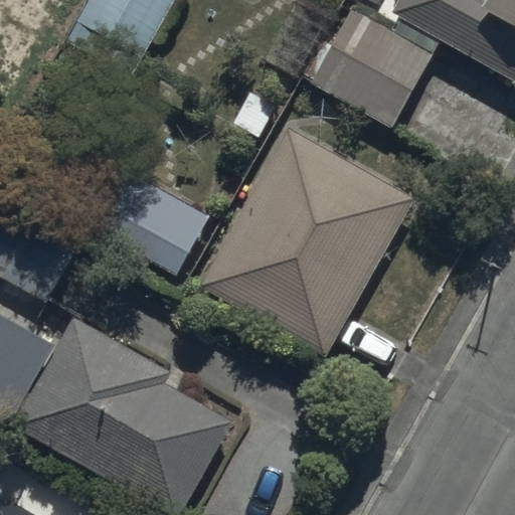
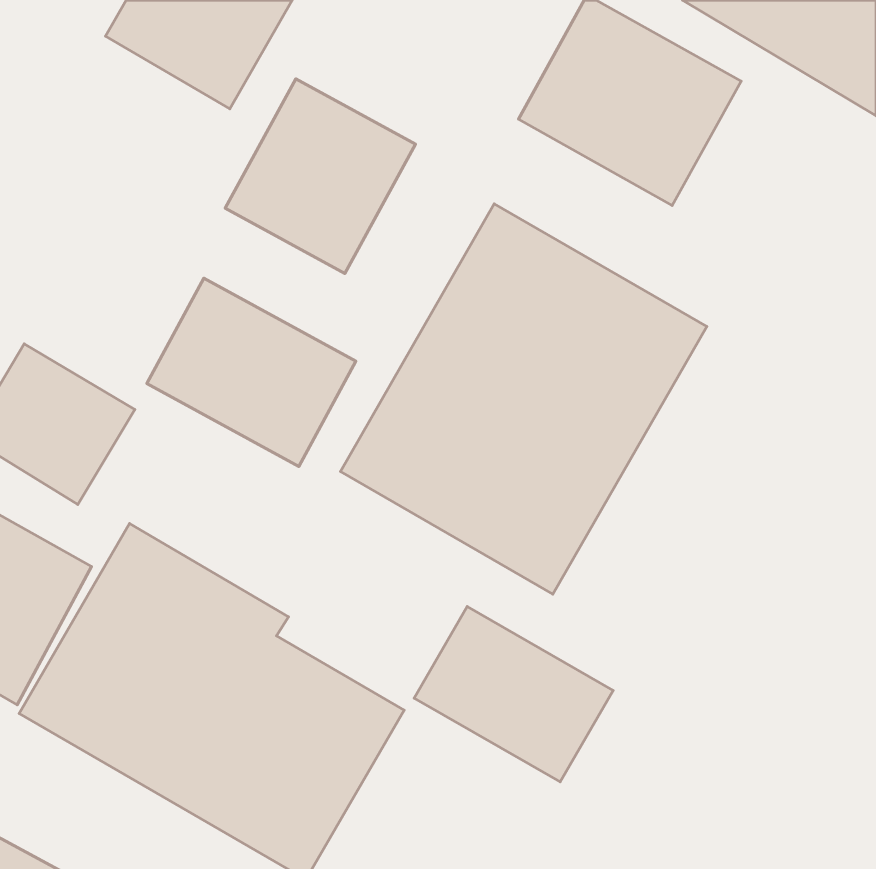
building: none -> [225,79,416,273]
building: none -> [414,607,613,782]

